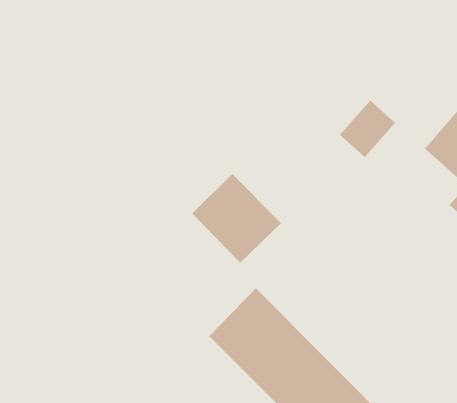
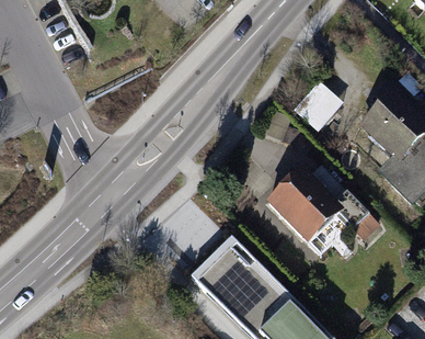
building: [192,173,282,264] -> [266,169,340,242]

